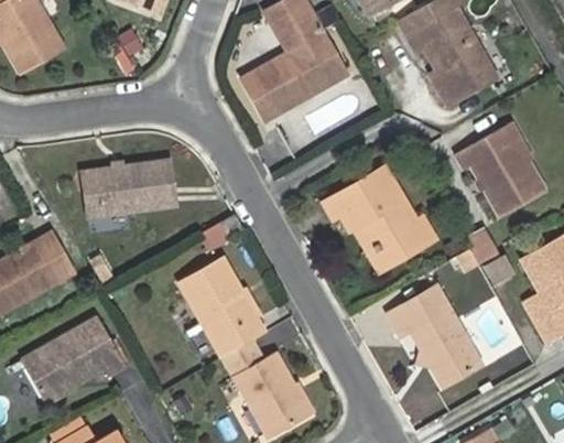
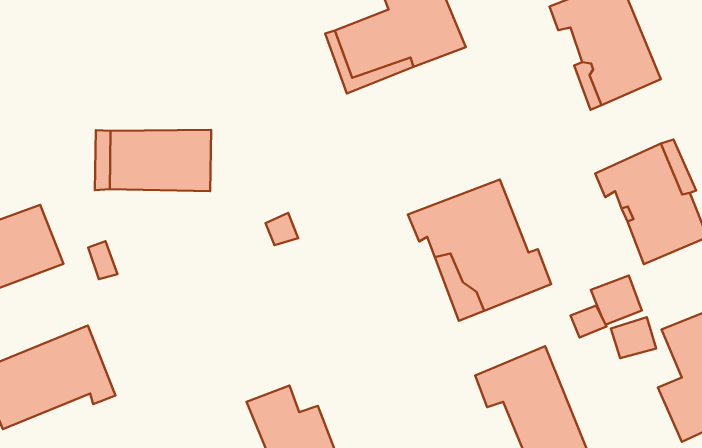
building: [180,258,264,356] -> none

